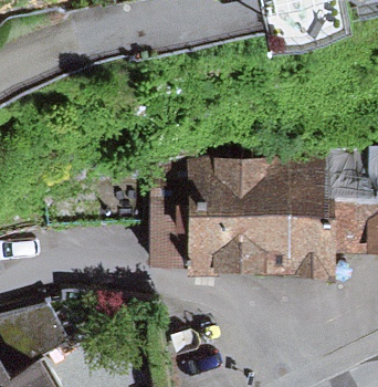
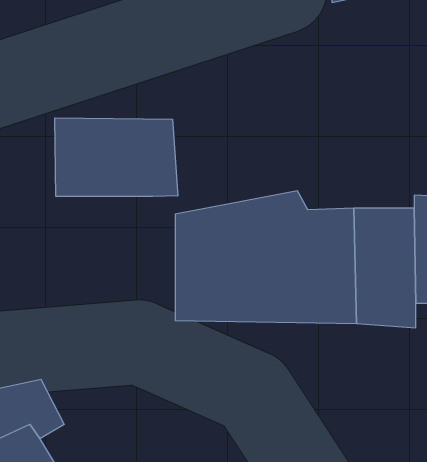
building: none -> [55,118,178,196]

